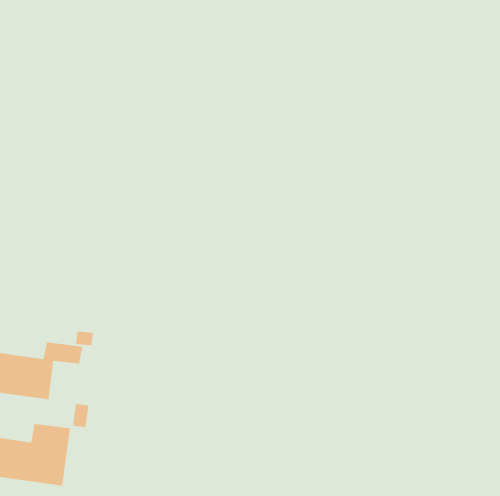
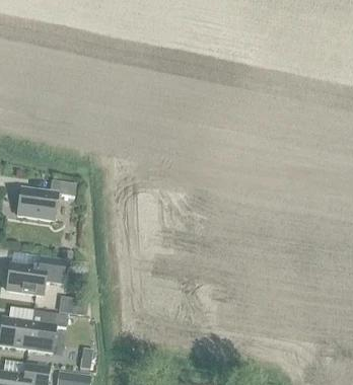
building: none -> [16,180,75,219]

